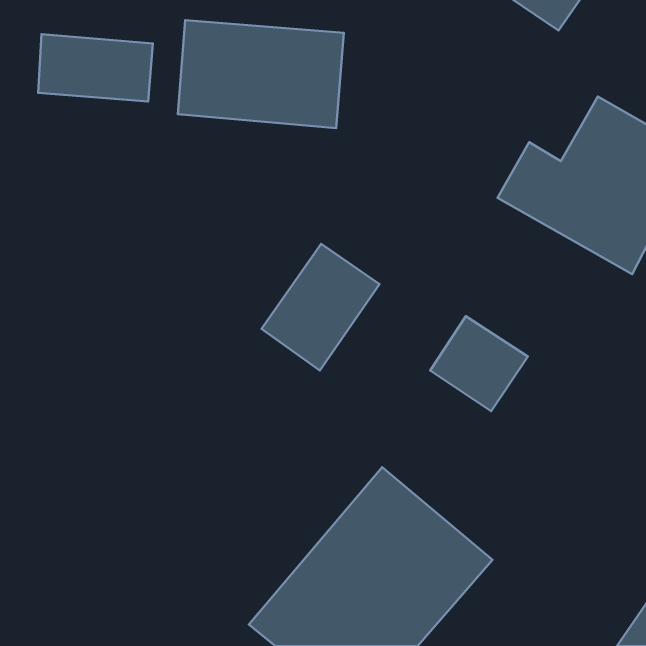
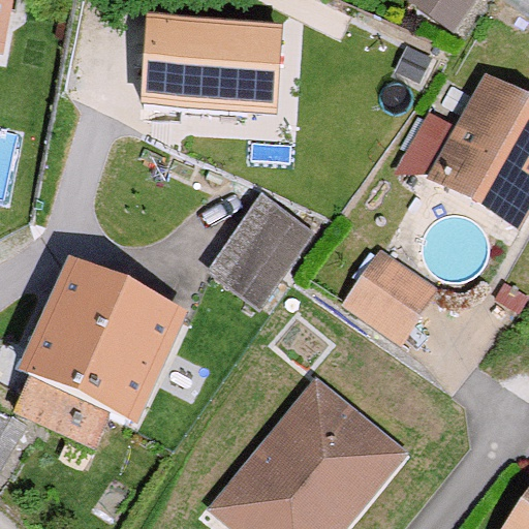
building: [38,34,153,101] -> none
building: none -> [26,263,175,440]

